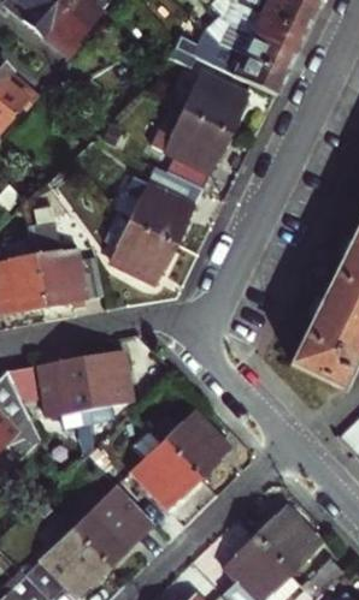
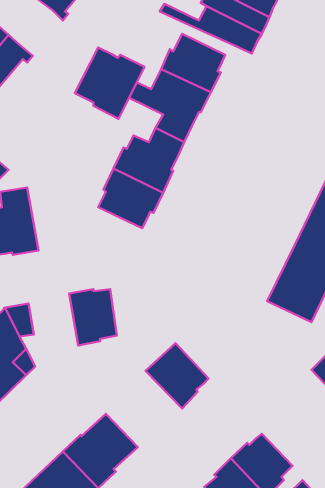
building: none -> [75,48,144,119]
building: [29,226,102,309] -> none
building: [36,356,87,416] -> none
building: [130,440,200,507] -> none

